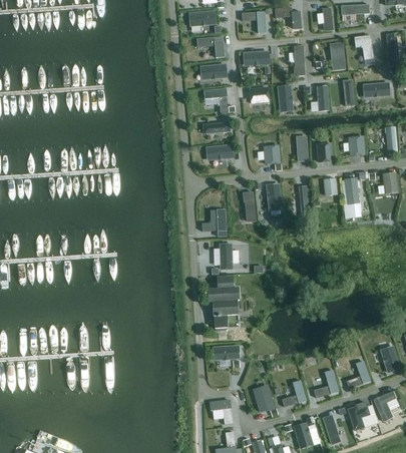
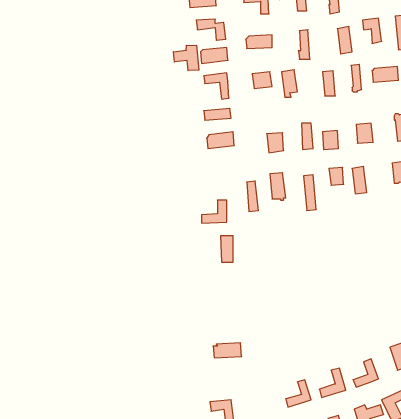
building: none -> [174,45,199,71]
building: [208,276,240,331] -> none
building: [253,385,275,413] -> none

